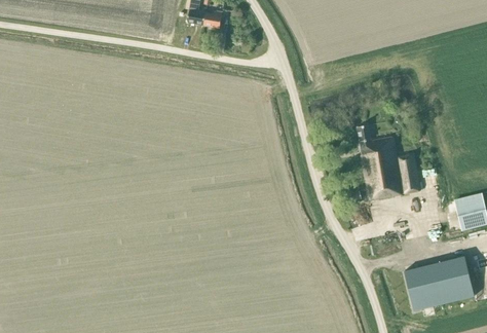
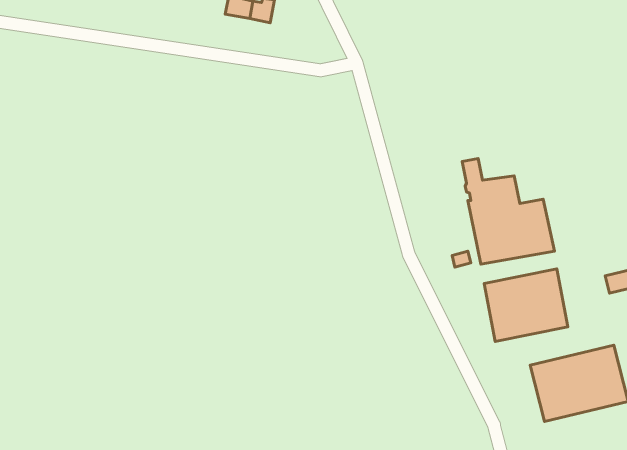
building: none -> [484,269,568,342]

